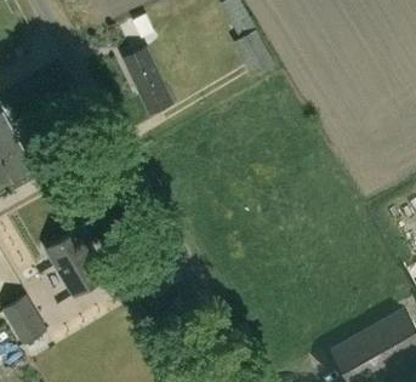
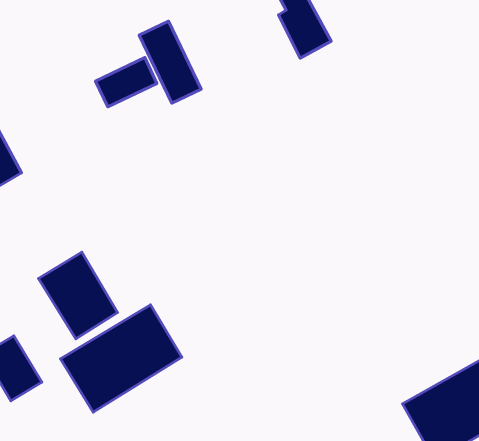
building: none -> [96,58,157,107]
building: none -> [61,305,182,412]

